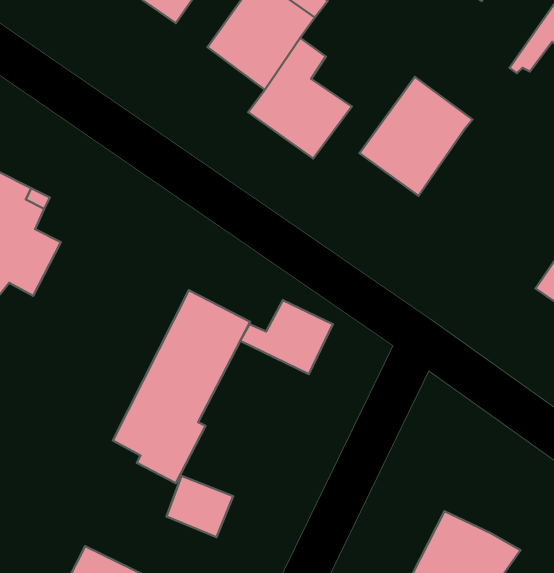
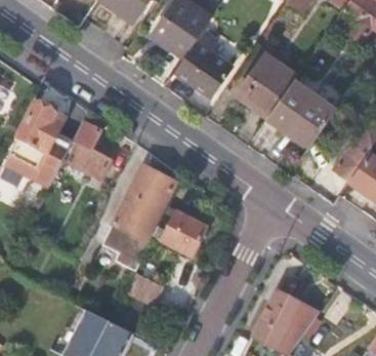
building: none -> [267,79,335,146]
building: none -> [66,120,109,180]
building: [240,300,333,374] -> [153,213,204,254]

